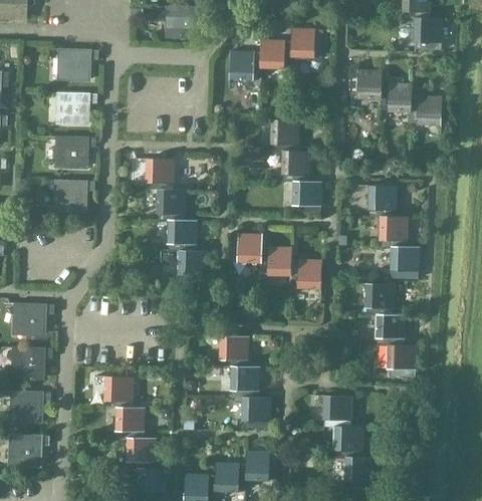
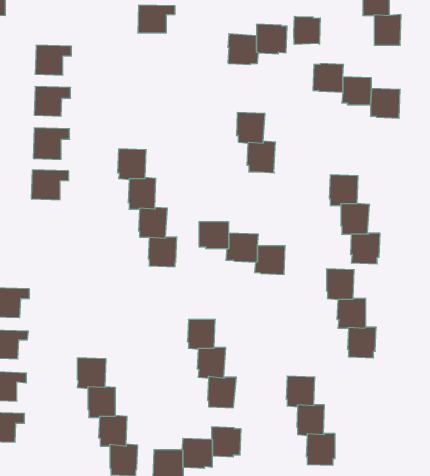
building: none -> [294,16,320,44]
building: [229,49,261,79] -> none
building: [292,182,322,213] -> none

